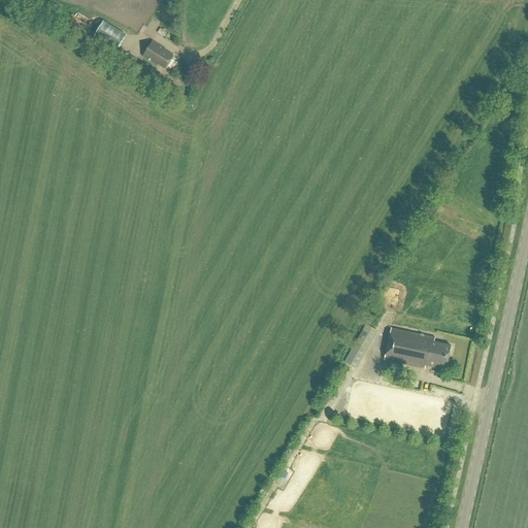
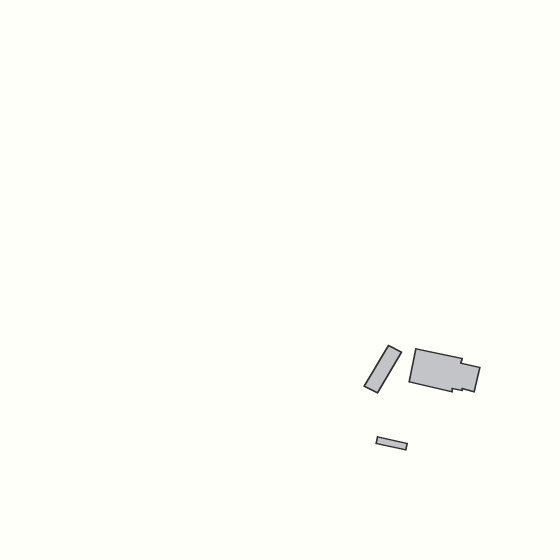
building: [93,20,126,50] -> none
building: [142,40,172,67] -> none

